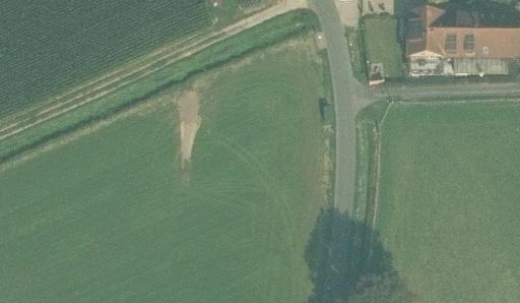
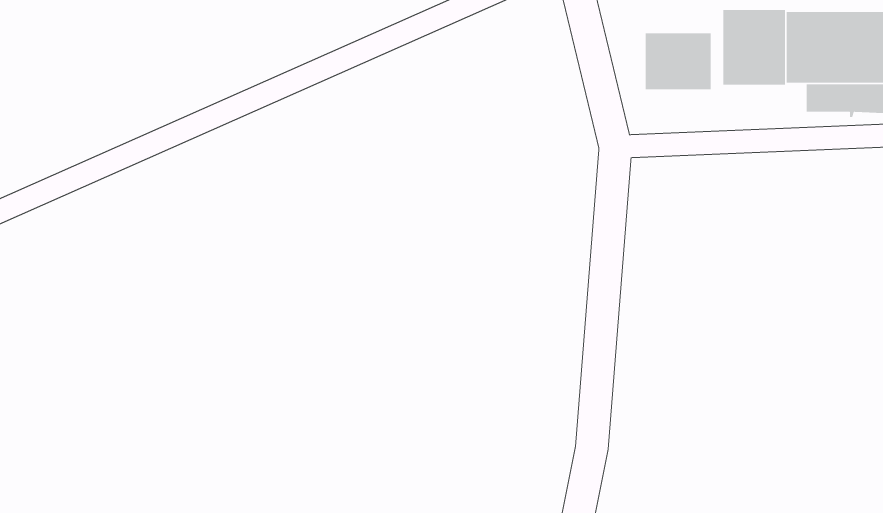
building: none -> [645,32,711,90]

